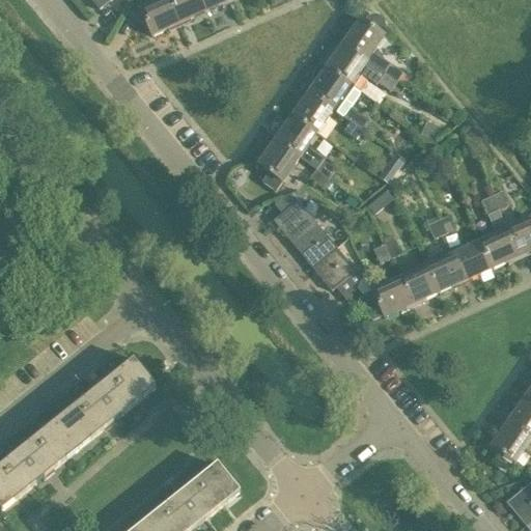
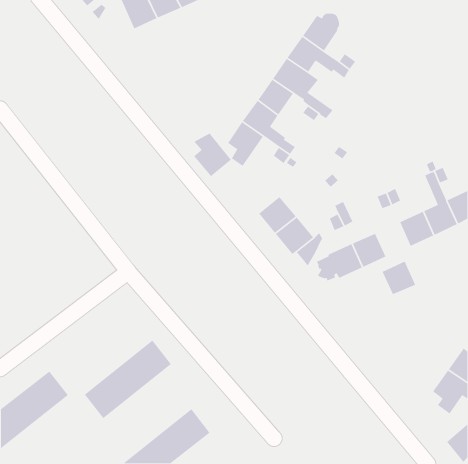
building: [273,191,316,242] -> [193,132,232,177]
building: [425,251,465,290] -> [381,260,416,295]
building: [56,357,156,447] -> [84,339,172,419]

